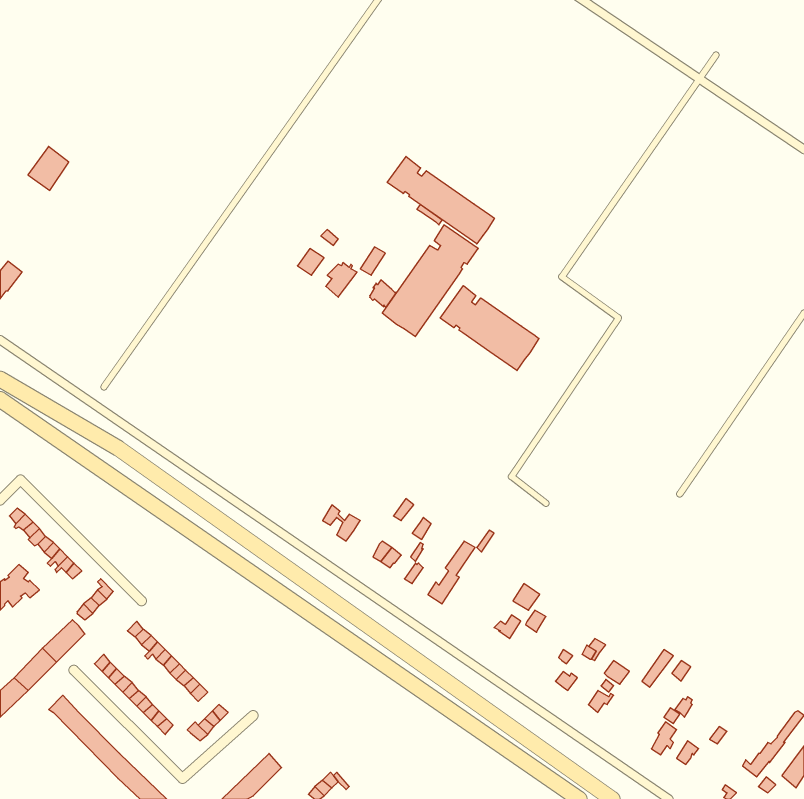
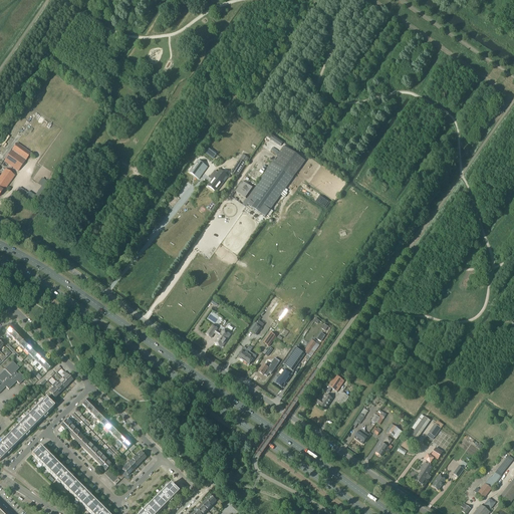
building: [28,146,69,190] -> [4,141,30,169]
building: [387,156,494,244] -> none
building: [440,286,539,371] -> none

